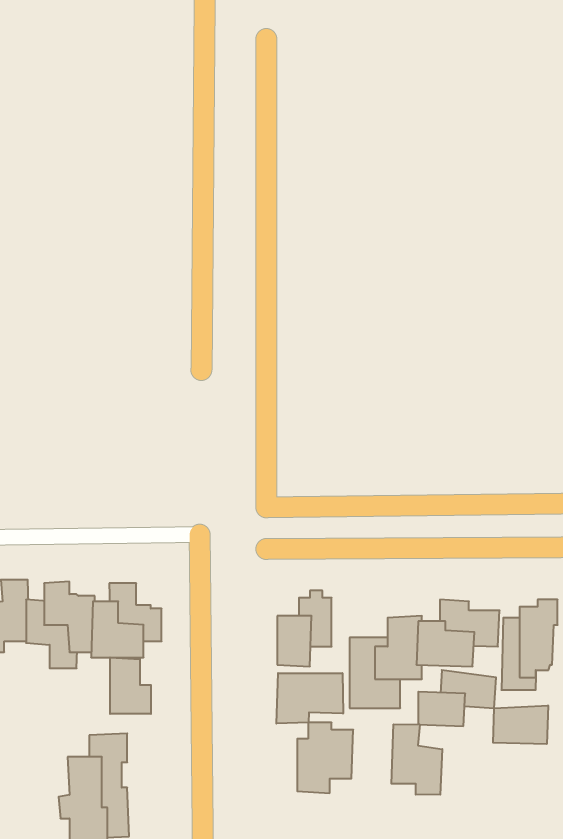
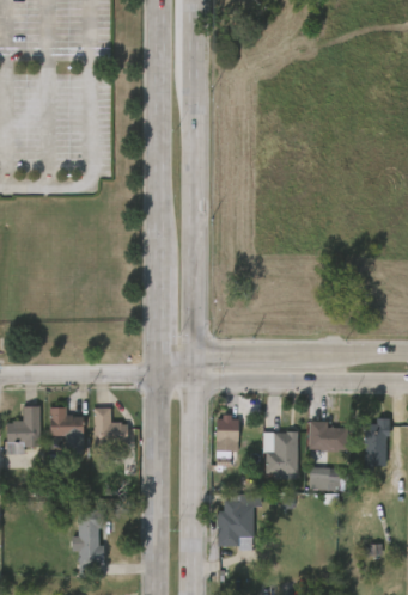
building: [110,657,151,714] -> none
building: [276,673,343,724] -> none
building: [493,705,548,744] -> none
building: [391,724,442,795] -> none

